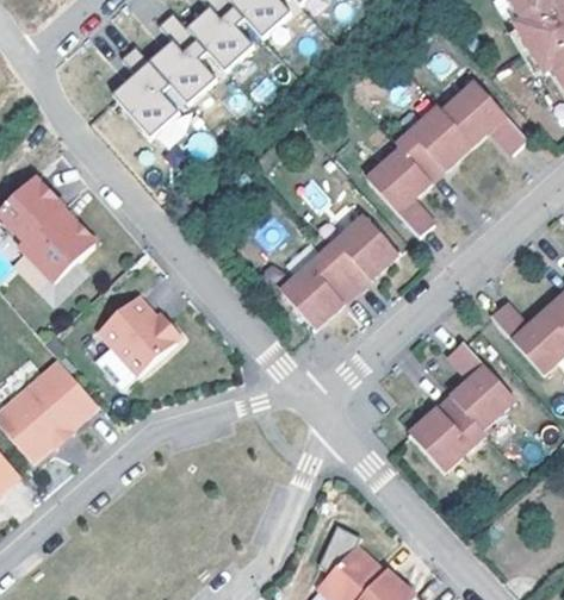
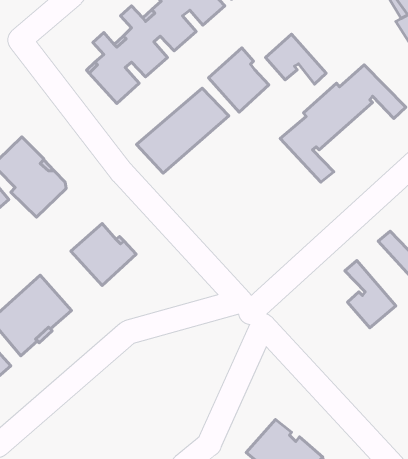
building: none -> [265,34,326,84]
building: none -> [208,48,269,112]
building: [280,218,399,327] -> [137,88,229,173]
building: [410,393,485,468] -> none

